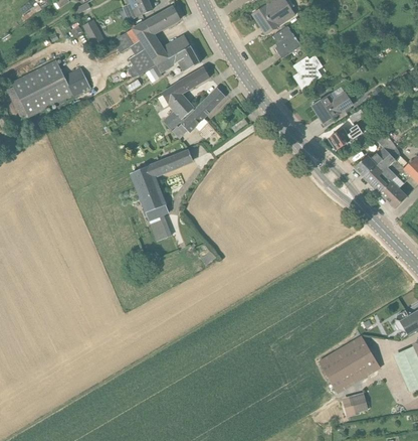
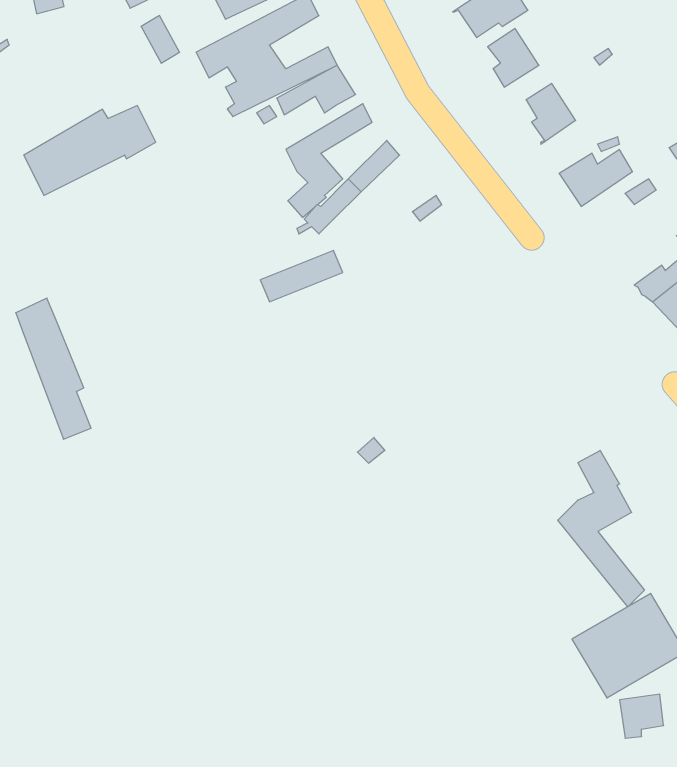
building: [11,59,61,95] -> none
building: [328,119,369,150] -> none
building: [131,163,172,241] -> [16,298,91,439]
building: none -> [558,450,644,607]

